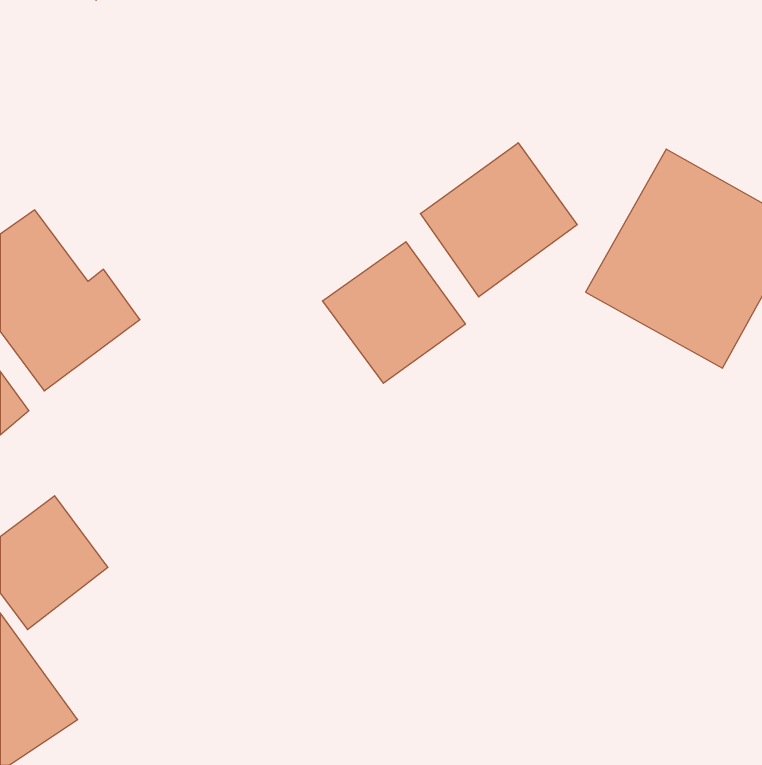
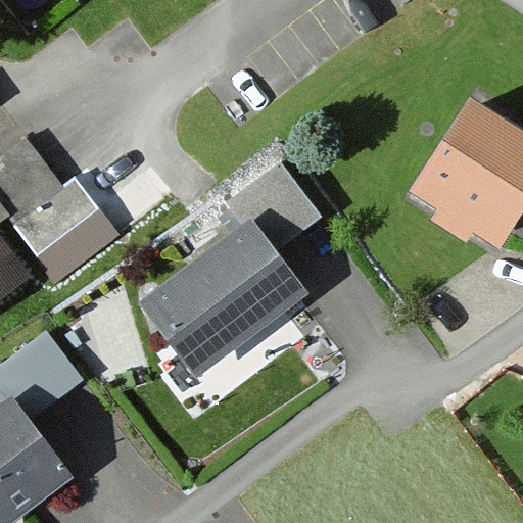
building: [420,143,577,297] -> none
building: none -> [134,226,296,380]

